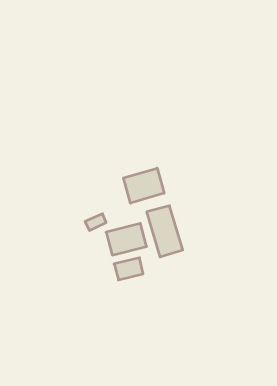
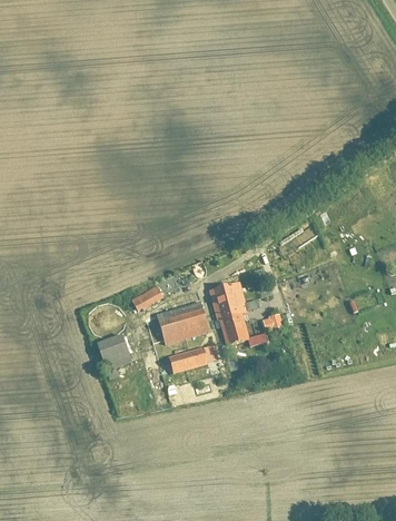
building: [123,168,164,203] -> none
building: none -> [98,336,131,371]

